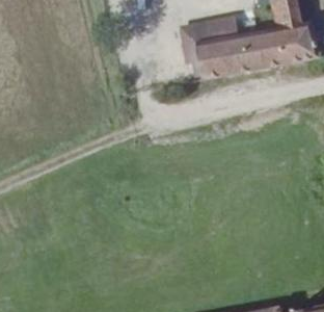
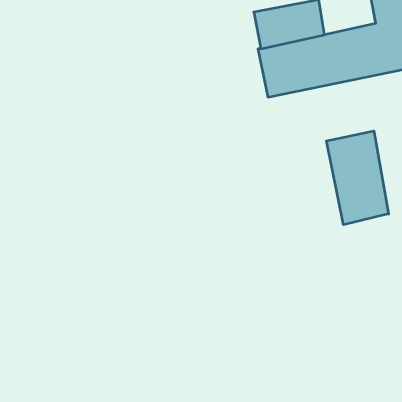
building: none -> [326,131,389,225]

